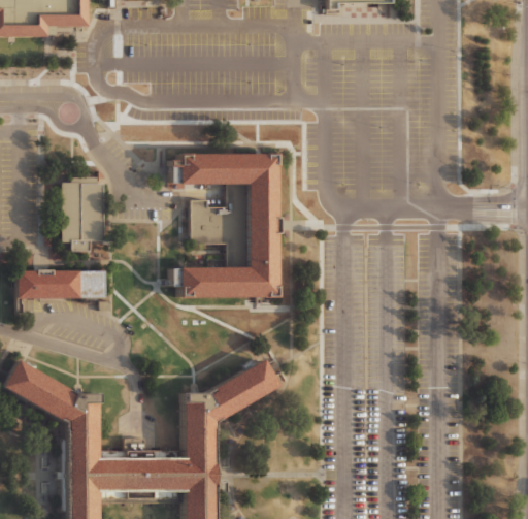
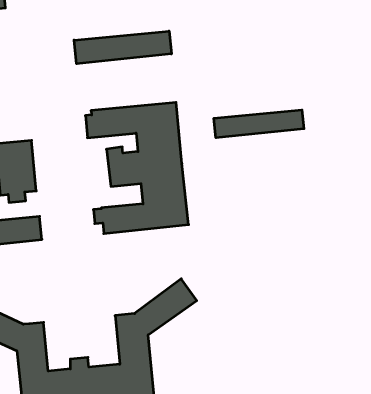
building: none -> [74,31,171,64]
building: none -> [214,110,304,138]

